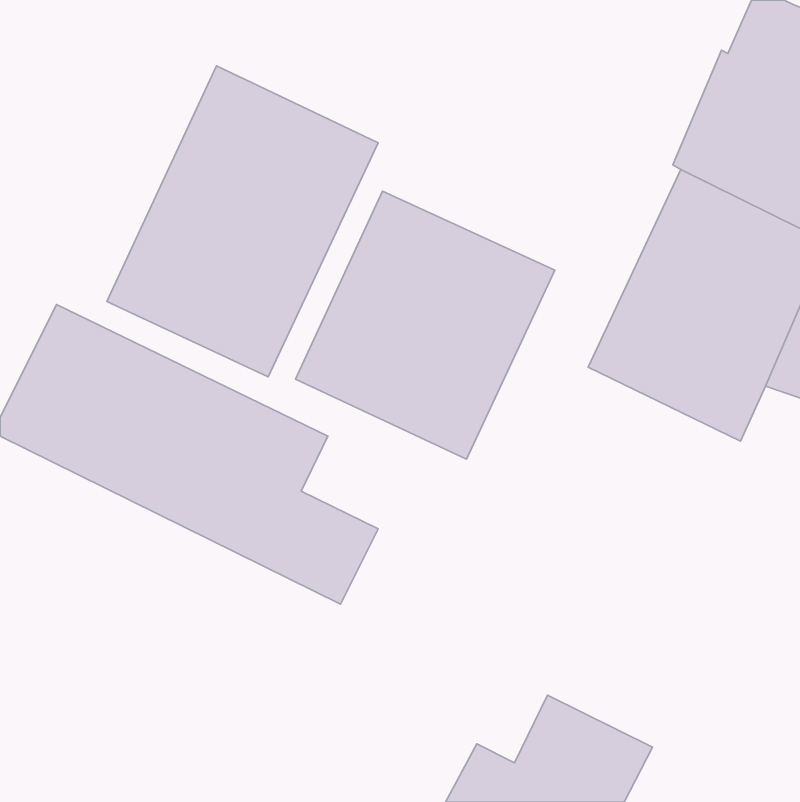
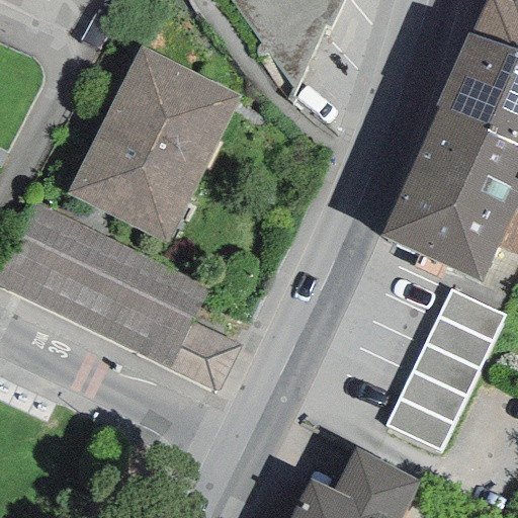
building: [296,191,555,459] -> none
building: none -> [383,288,505,454]

